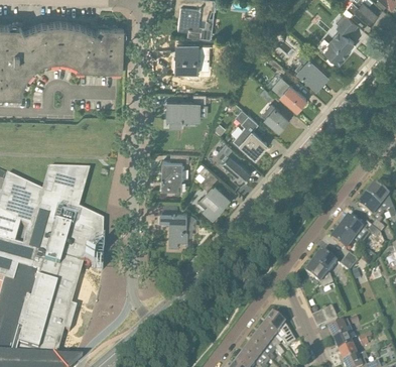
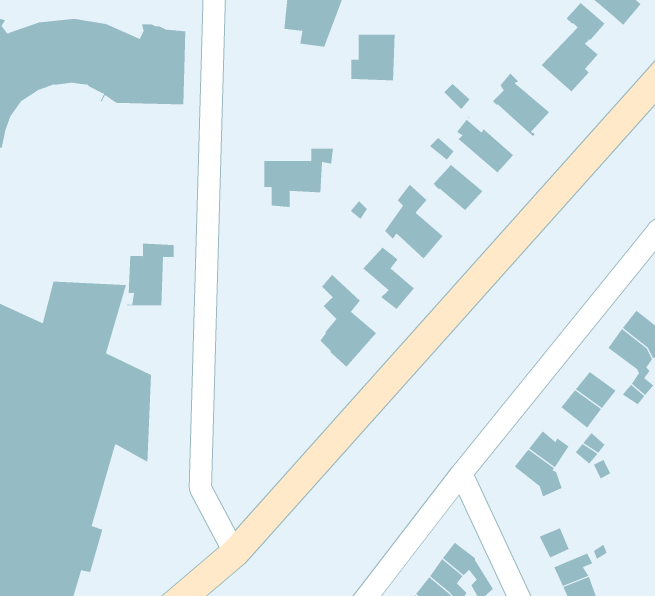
building: [173,45,199,72] -> [351,34,396,81]
building: [161,154,188,190] -> [126,243,175,306]
building: [160,213,196,248] -> none

